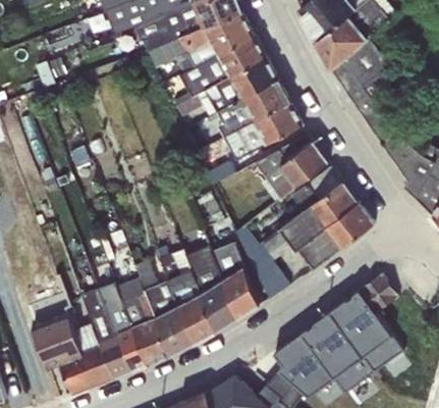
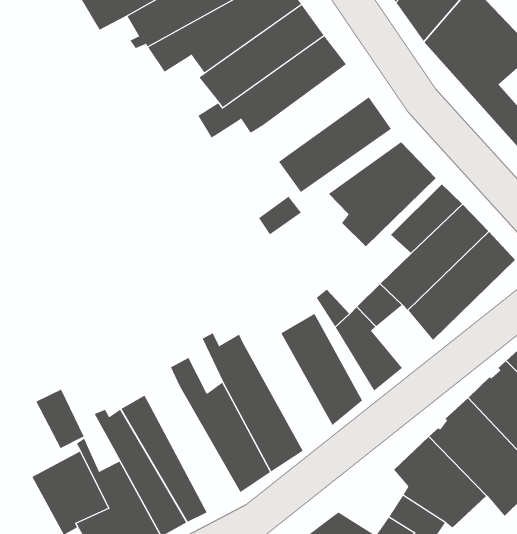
building: [216,79,289,138] -> none
building: [184,246,236,333] -> none
building: [116,278,169,365] -> none

